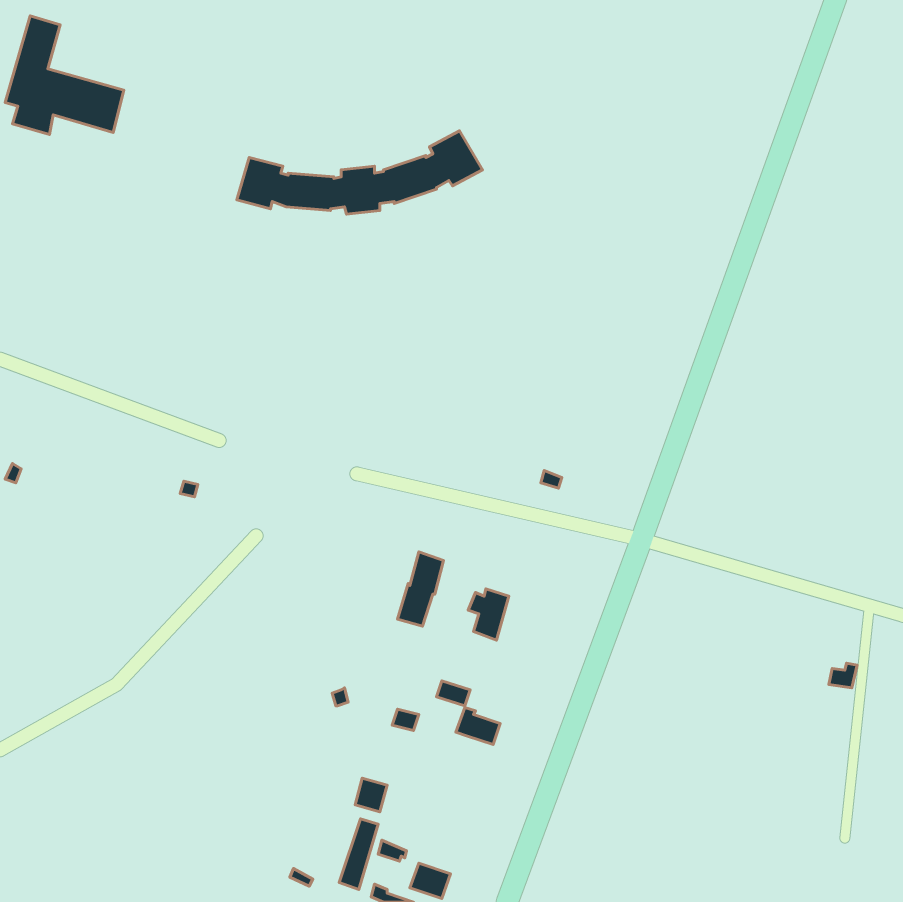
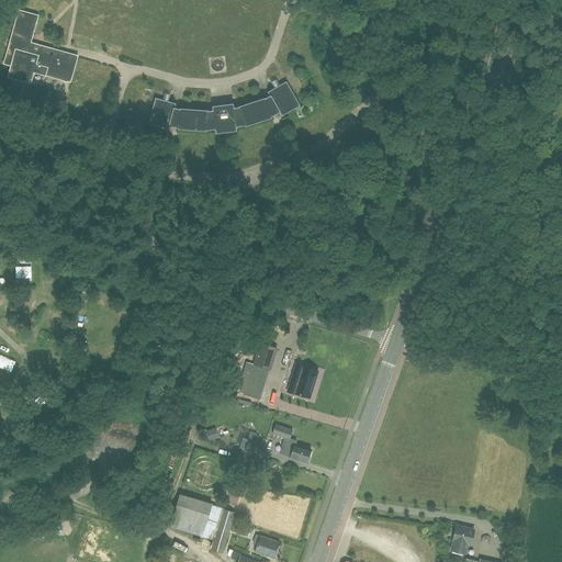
building: none -> [169,493,211,535]
building: none -> [450,525,473,553]

